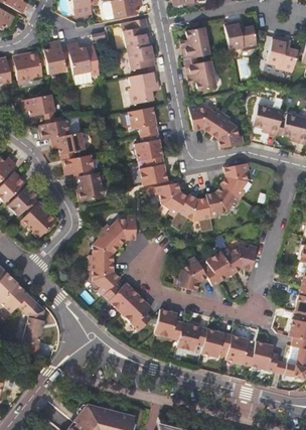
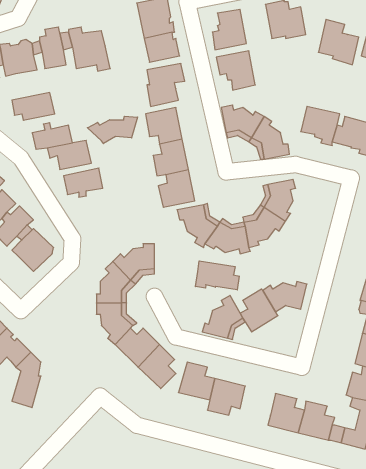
building: none -> [87,116,138,144]
building: [74,172,105,202] -> none
building: none -> [195,261,239,290]
building: [202,328,233,357] -> none

